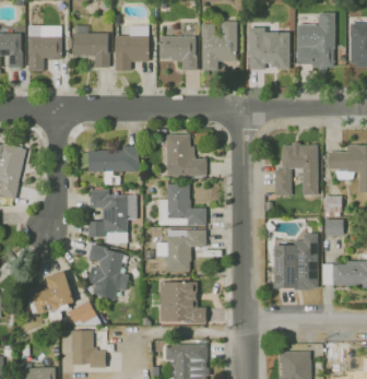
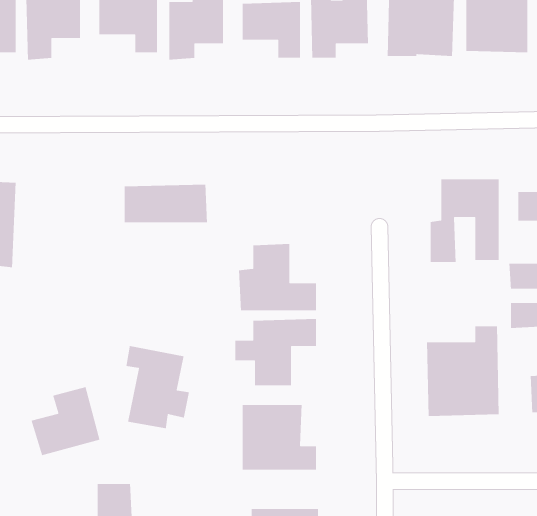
building: [166,134,205,176] -> none
building: [87,190,135,242] -> none
building: [67,300,96,327] -> none

